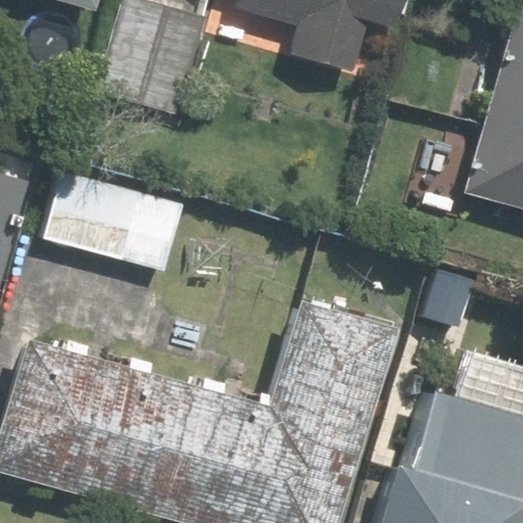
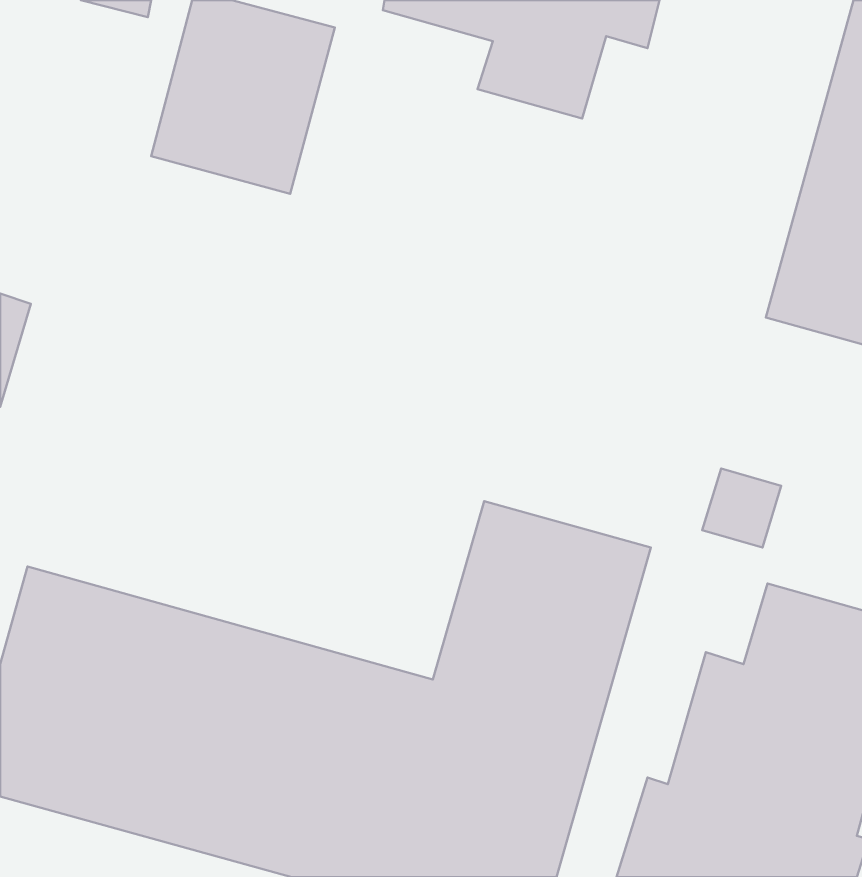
building: [44,172,186,273] -> none

